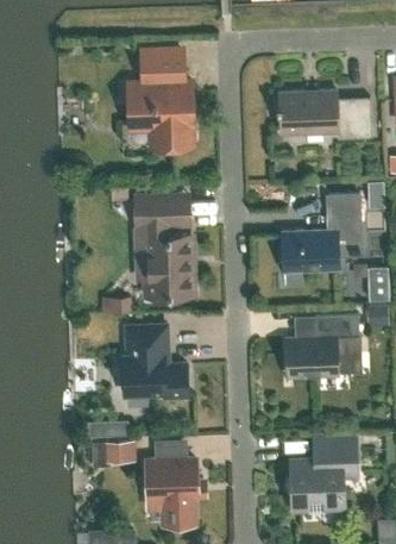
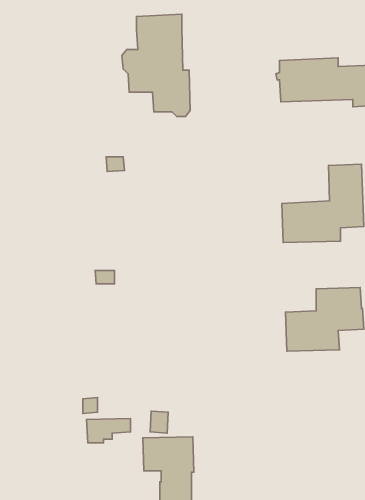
building: [134,196,193,296] -> none
building: [124,325,188,396] -> none
building: [290,438,357,512] -> none

